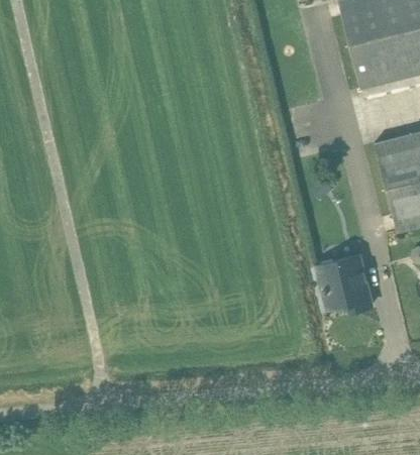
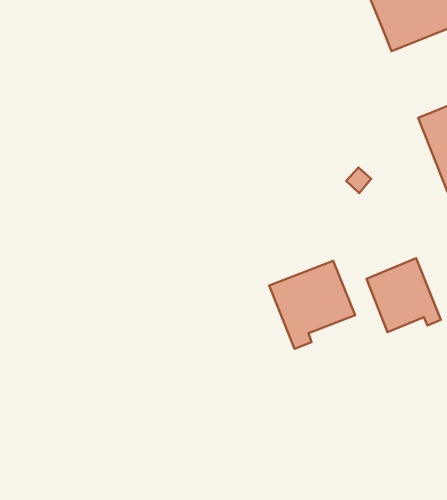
building: none -> [269,261,355,349]

